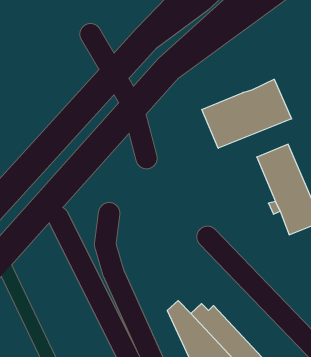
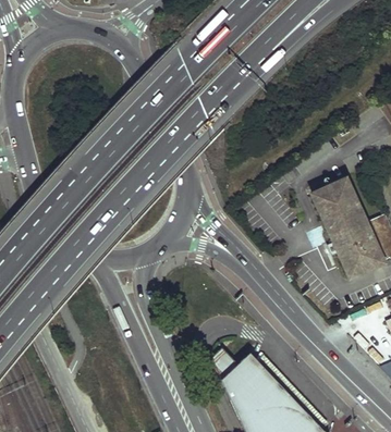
building: [202,79,292,148] -> none

